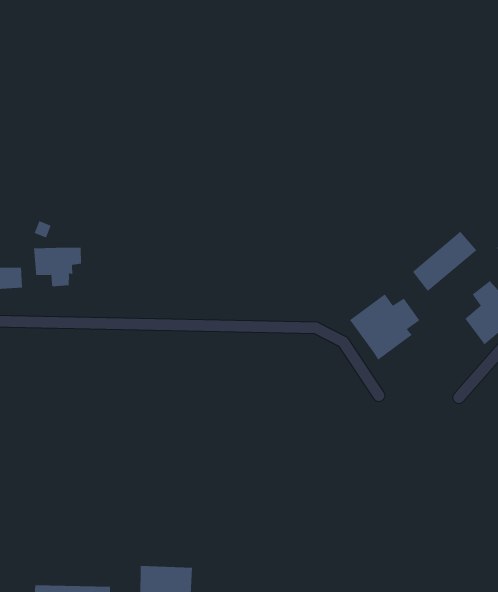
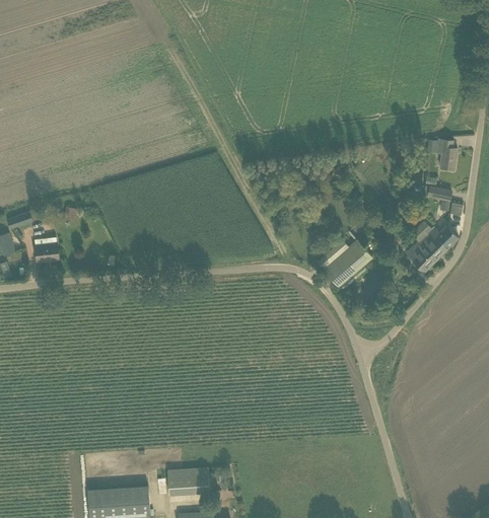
building: [412,231,477,292] -> none
building: [34,247,82,287] -> none

